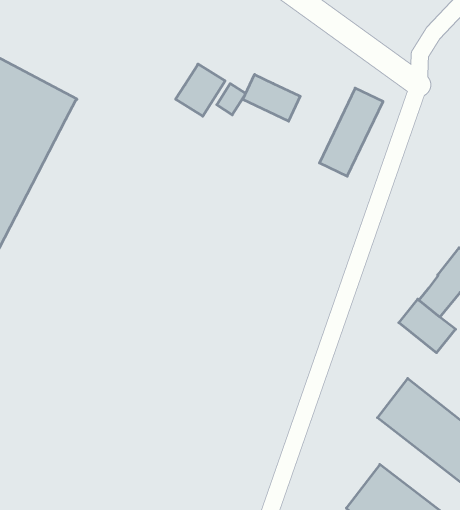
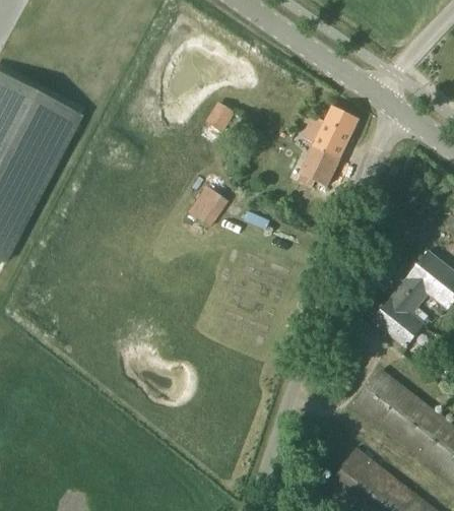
building: [176,64,225,116] -> none
building: [243,74,300,121] -> none
building: none -> [188,183,228,223]

